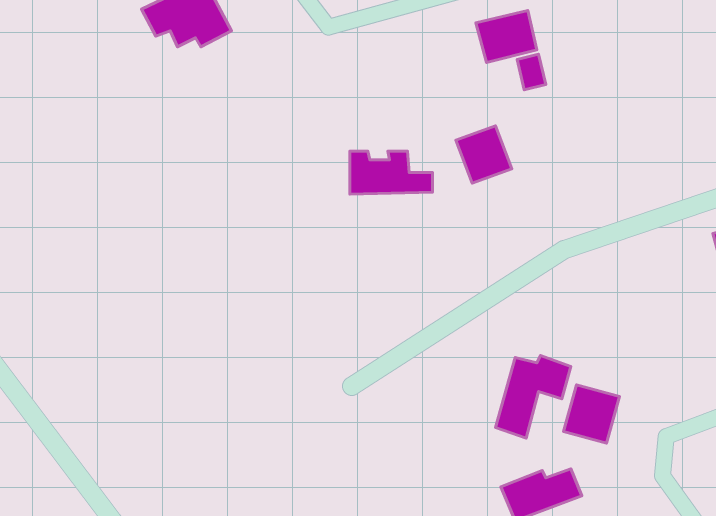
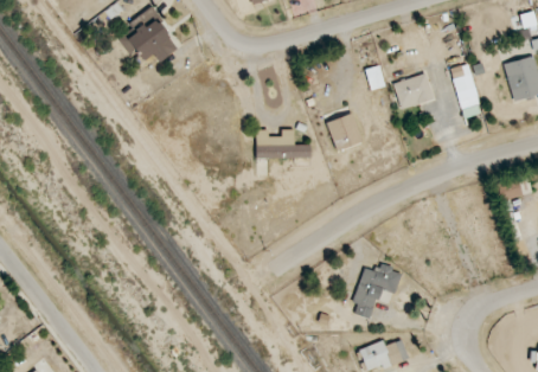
building: [476,10,537,62] -> [393,75,434,109]
building: none -> [451,64,480,110]
building: [563,385,620,443] -> none

